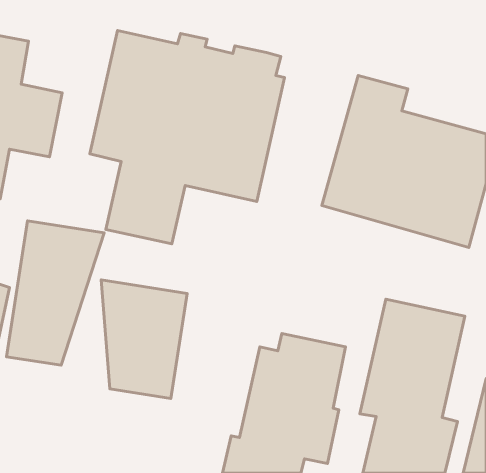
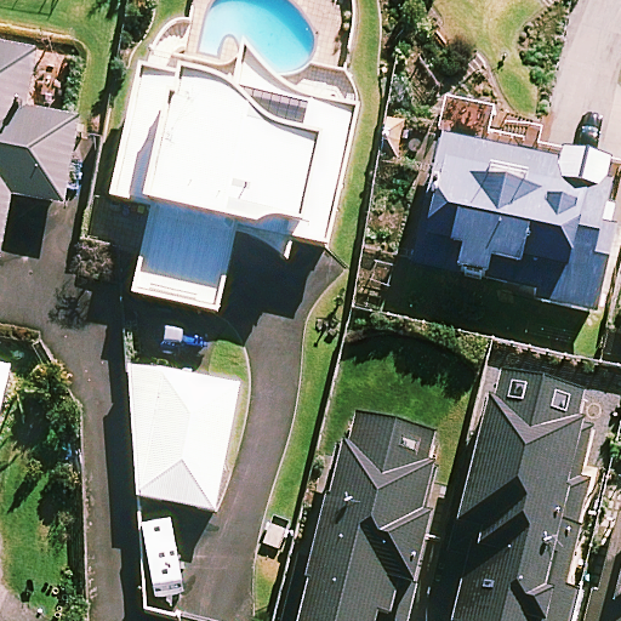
building: [7,221,104,365] -> none

